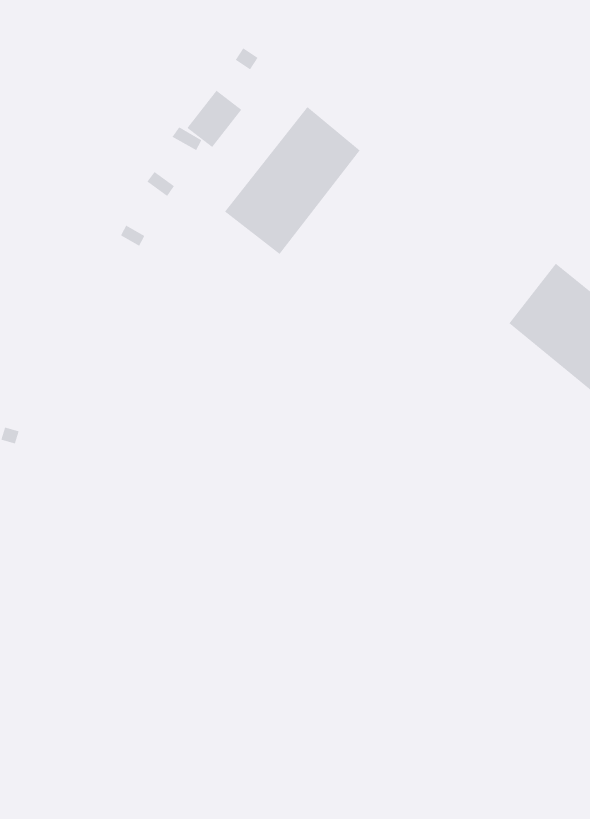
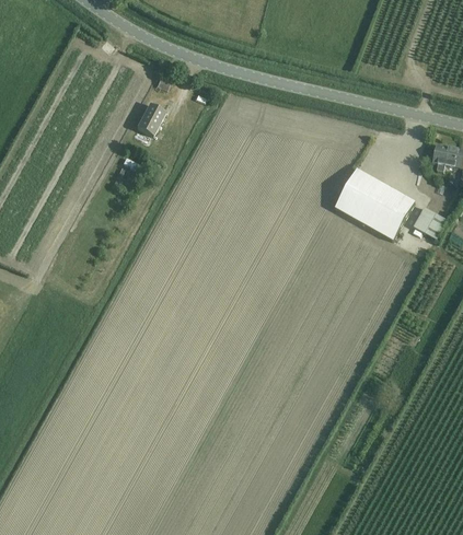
building: [224,106,361,255] -> none

